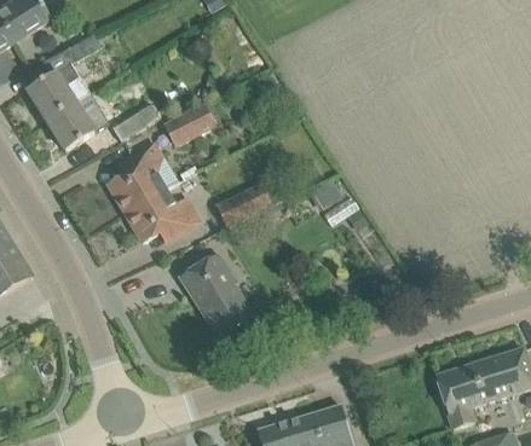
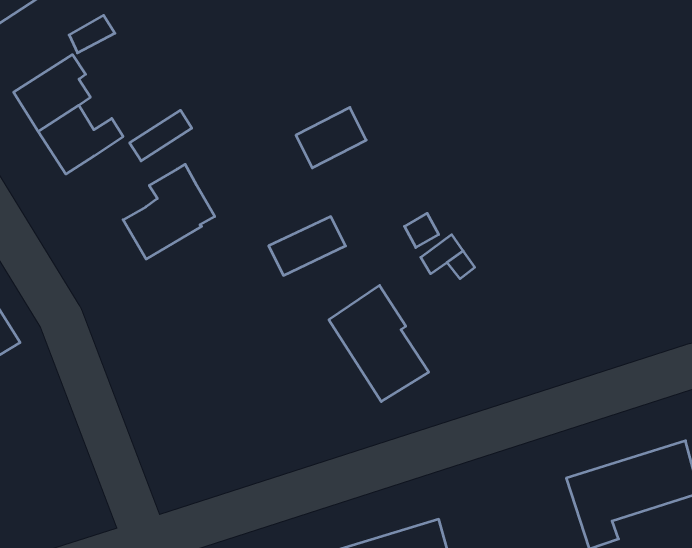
building: [165,102,217,146] -> [296,107,366,168]
building: [125,189,200,242] -> none
building: [180,251,254,337] -> [329,285,429,402]

